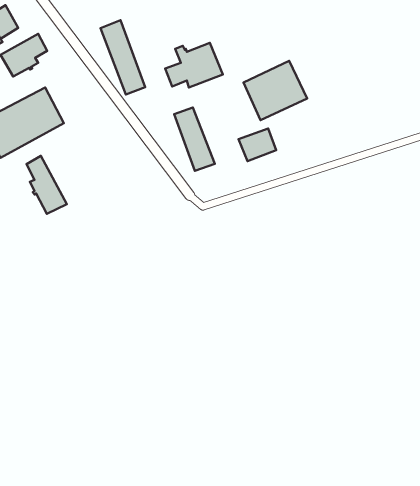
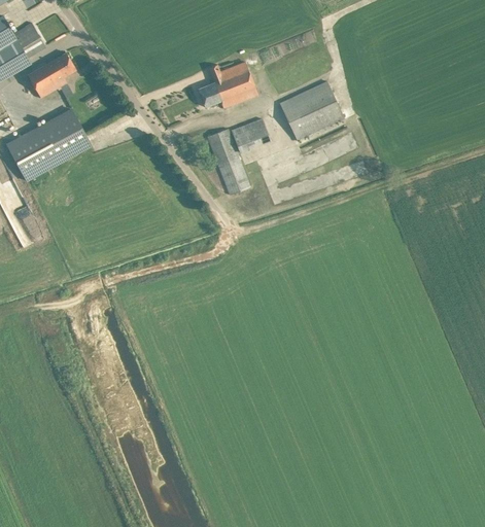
building: [100,20,145,95] -> none
building: [239,128,276,161] -> [230,118,269,152]
building: [26,156,67,214] -> none

